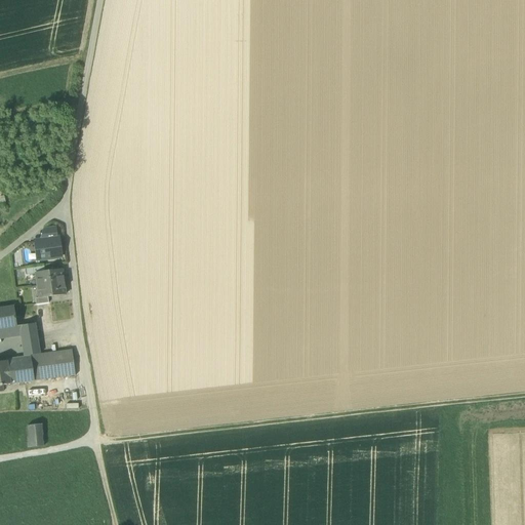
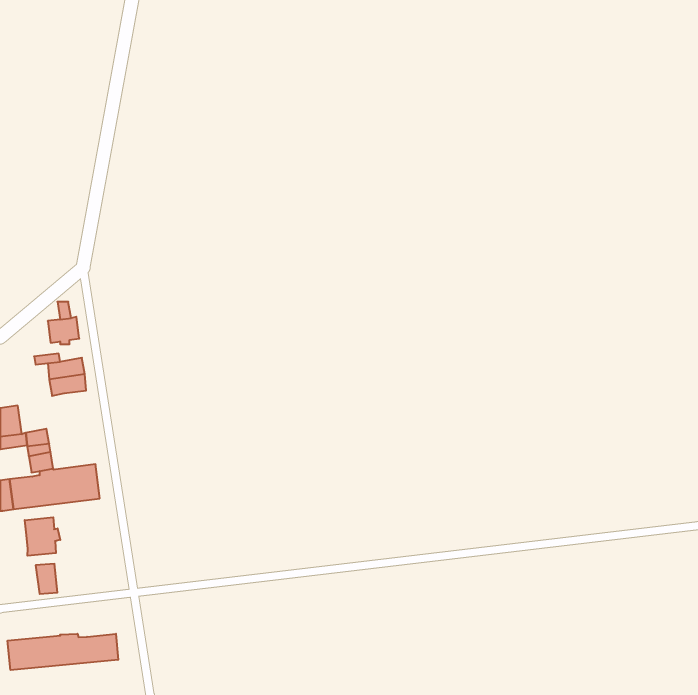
building: none -> [25,517,60,556]
building: none -> [8,634,118,670]

